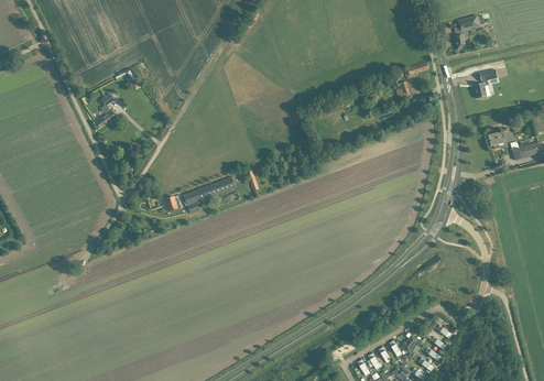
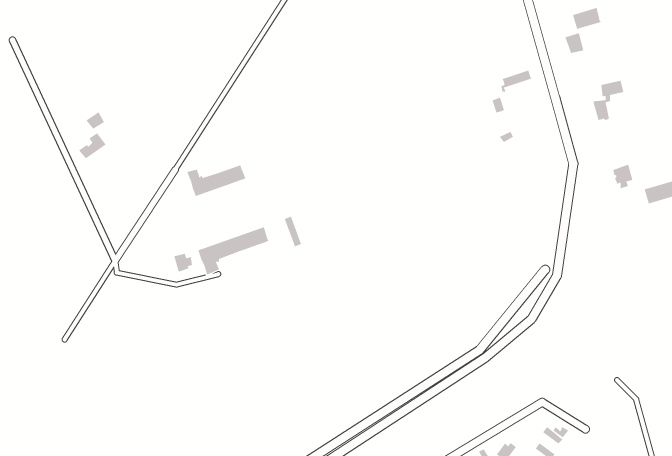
building: none -> [186,164,246,197]

